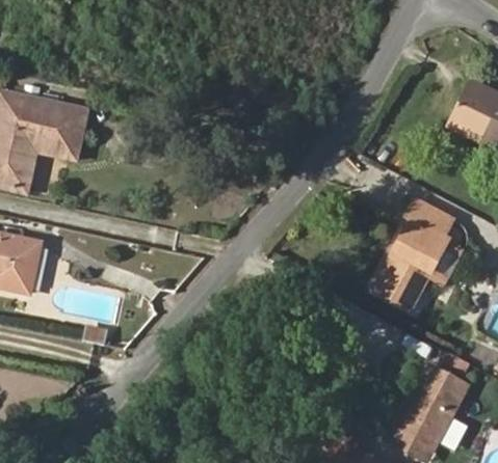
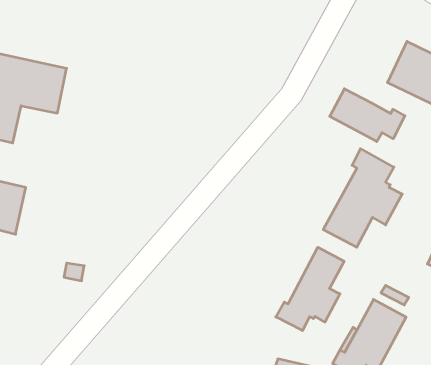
building: none -> [330,89,405,142]
building: none -> [276,247,344,331]

